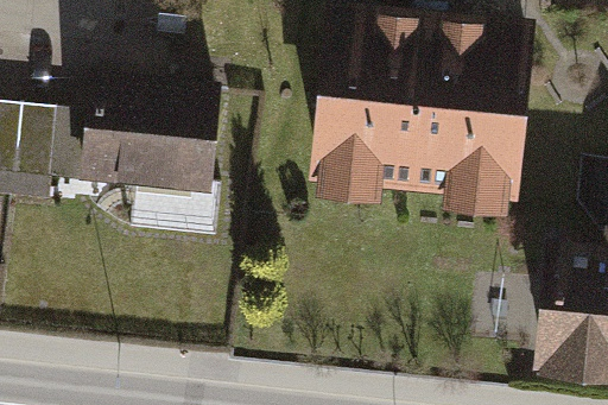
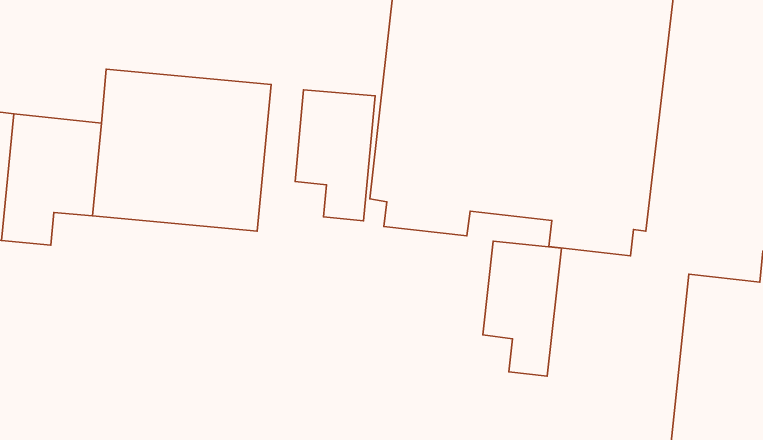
building: none -> [295,90,375,221]
building: none -> [483,241,561,376]

